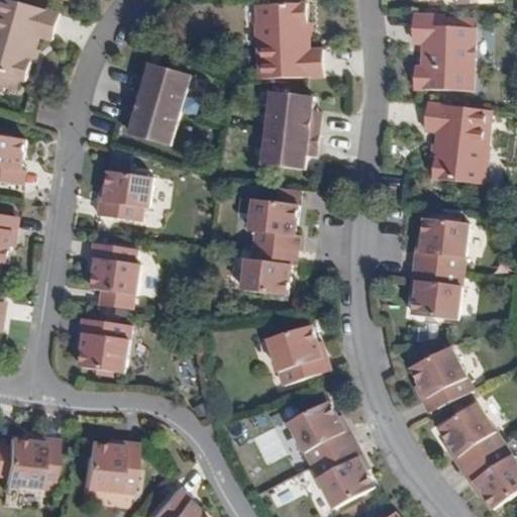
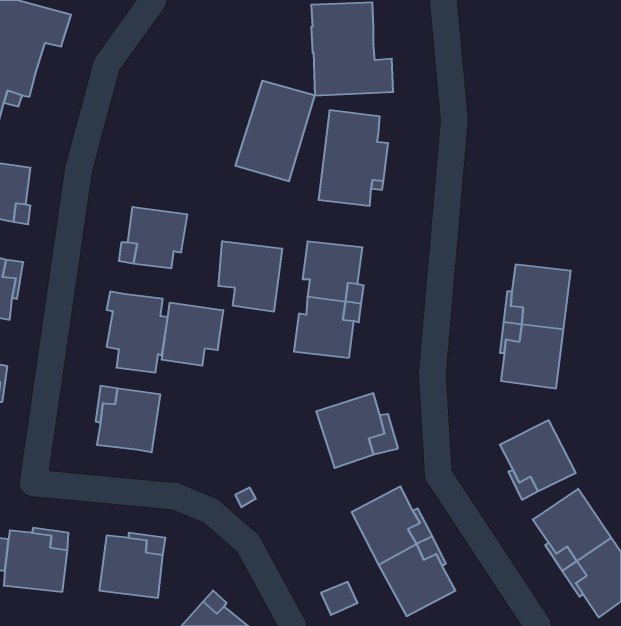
building: [407,15,469,90] -> none
building: [121,63,187,145] -> [235,81,315,181]
building: [419,104,485,182] -> none
building: none -> [218,241,282,312]
building: none -> [162,303,223,366]

